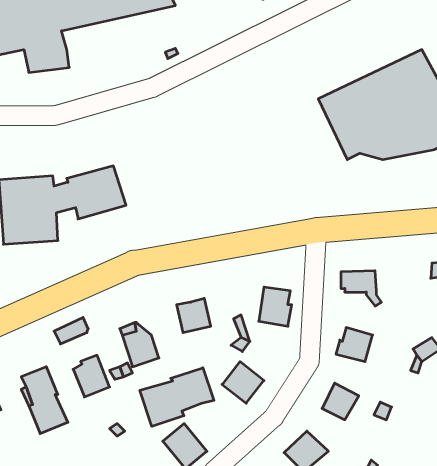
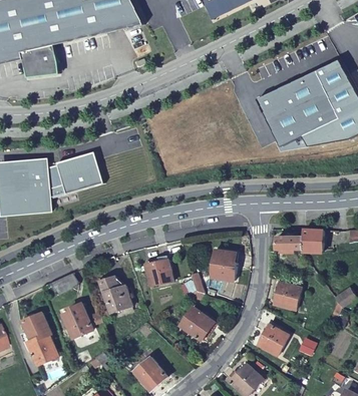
building: none -> [302,227,321,251]
building: [140,368,214,426] -> none

